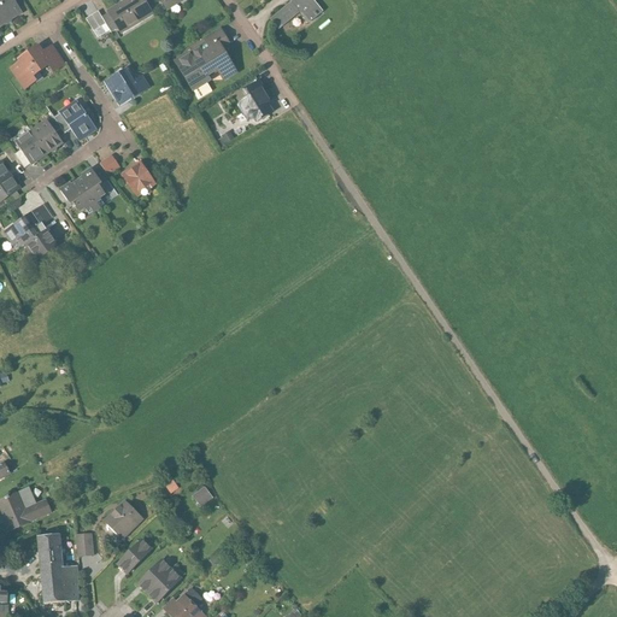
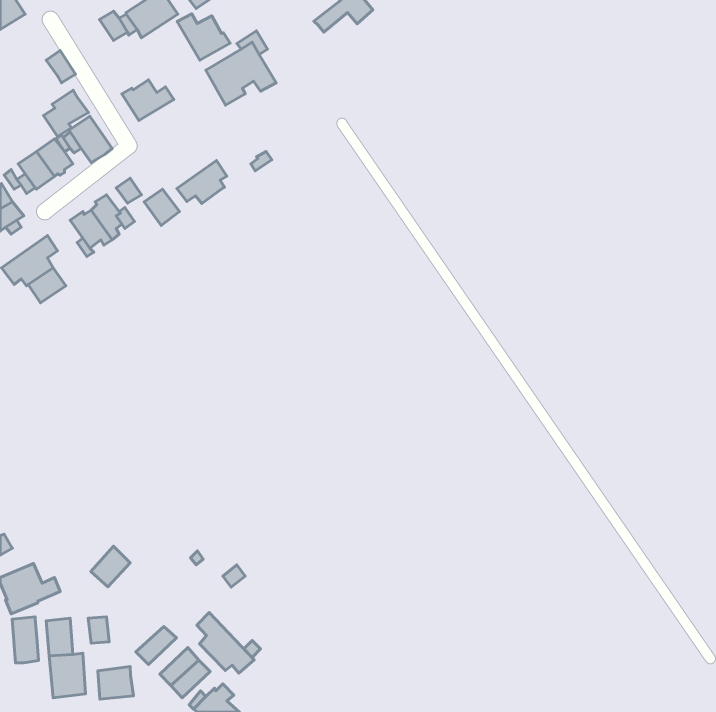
building: none -> [177,14,230,60]
building: [11,46,49,86] -> [44,90,88,136]
building: [239,81,272,123] -> none
building: none -> [177,160,227,203]
building: [106,499,140,534] -> [91,546,130,587]
building: none -> [197,612,254,673]
building: none -> [12,617,39,663]
building: none -> [98,666,133,699]

